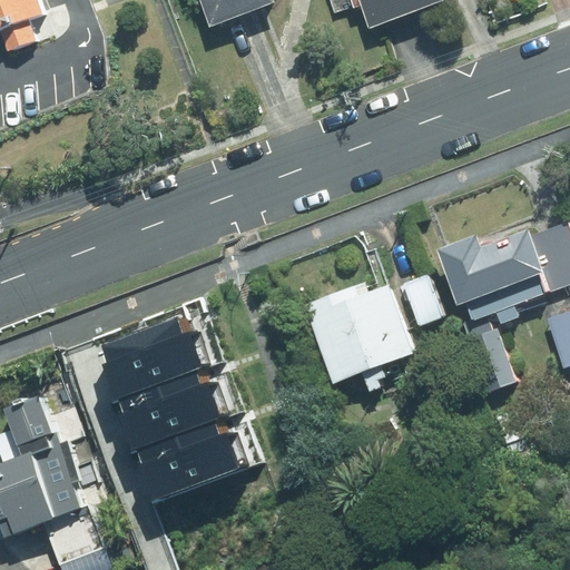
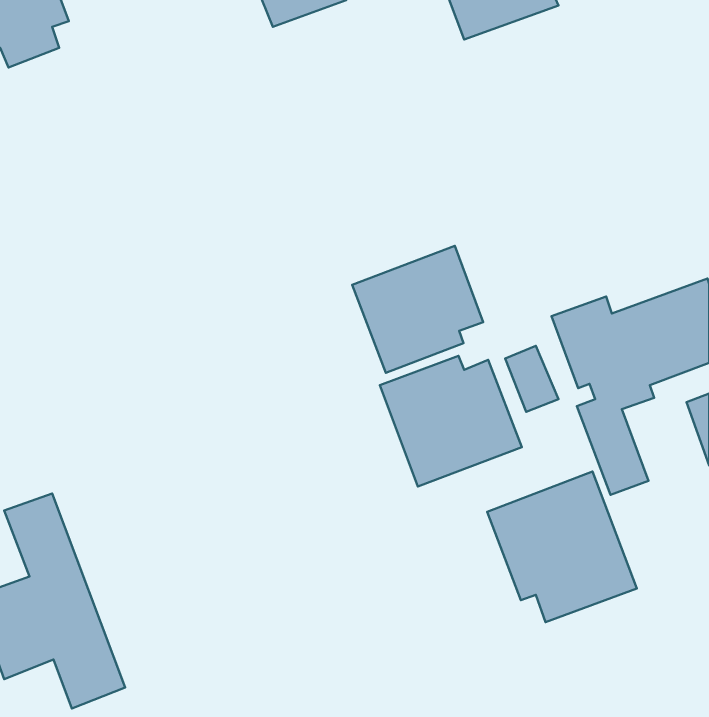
building: none -> [352,246,483,373]
building: [104,307,253,494] -> none
building: none -> [487,472,637,622]

